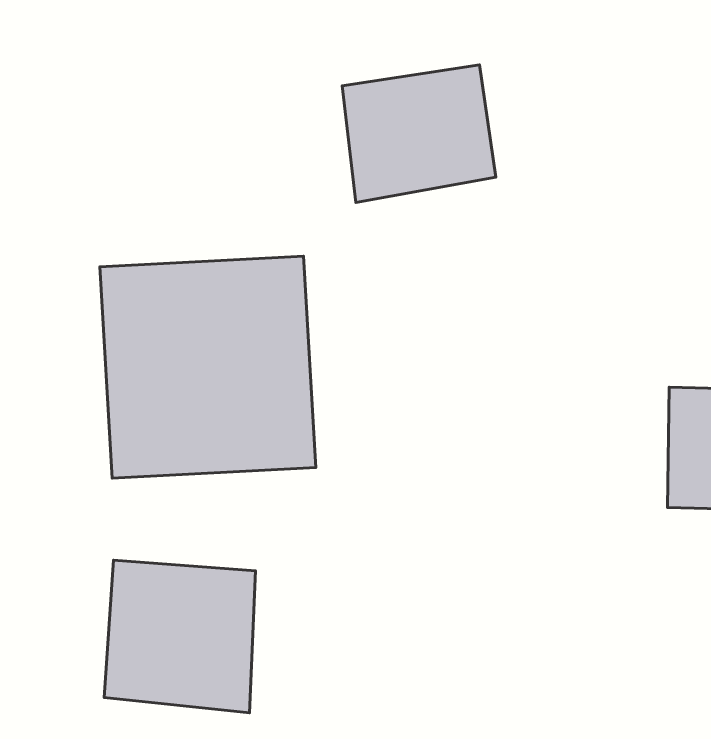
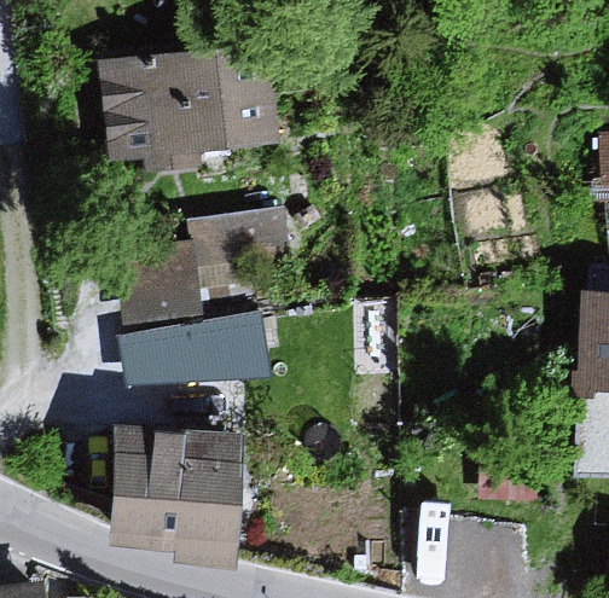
building: none -> [88,52,271,162]
building: [342,65,496,203] -> none

